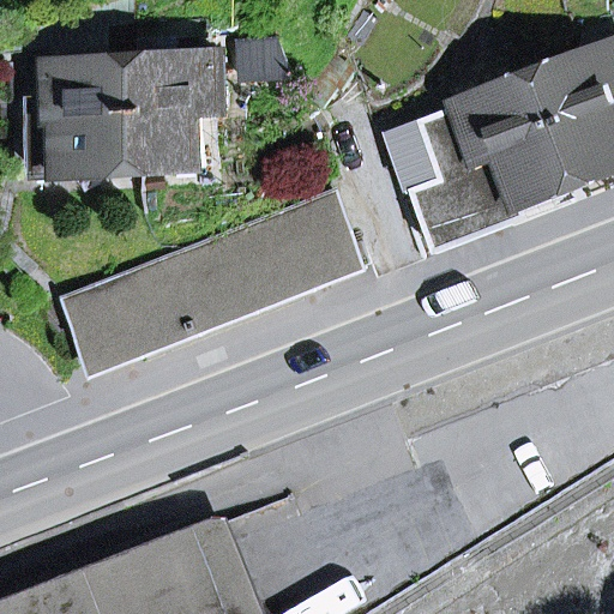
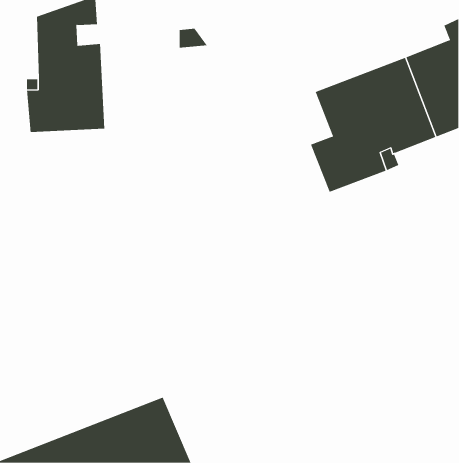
building: [133,53,221,170] -> none
building: [66,198,359,373] -> none

